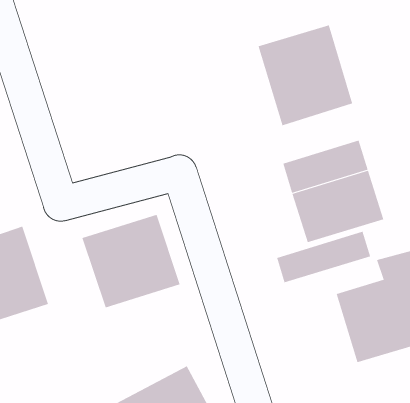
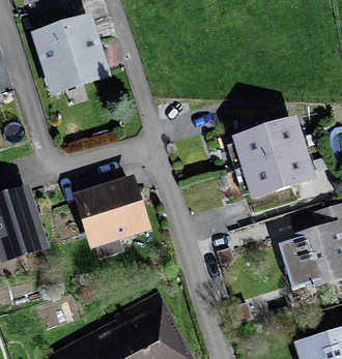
building: none -> [31,12,111,93]
building: [258,24,353,126] -> none
building: [276,231,371,283] -> none

